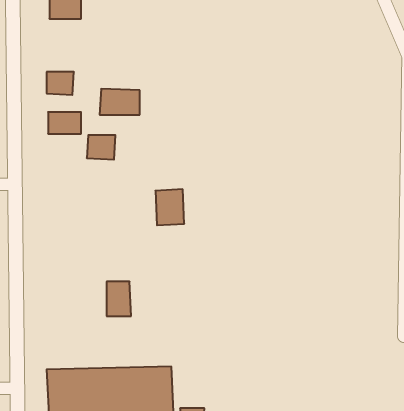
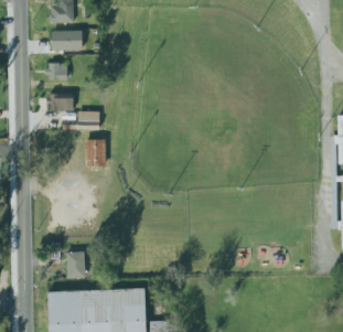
building: [100,89,140,115] -> [51,30,82,50]
building: [155,189,184,225] -> [84,139,106,167]
building: [107,282,131,316] -> [66,251,85,278]

